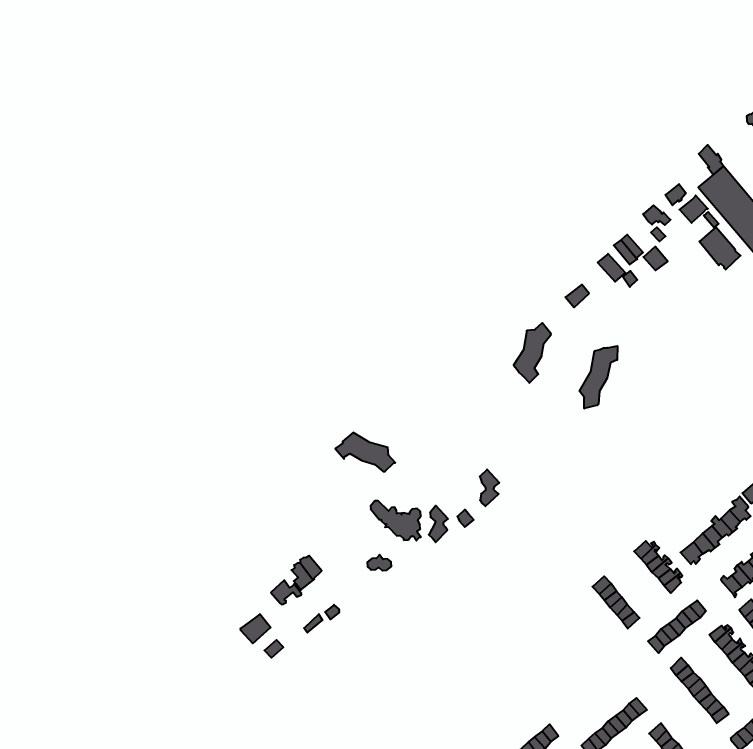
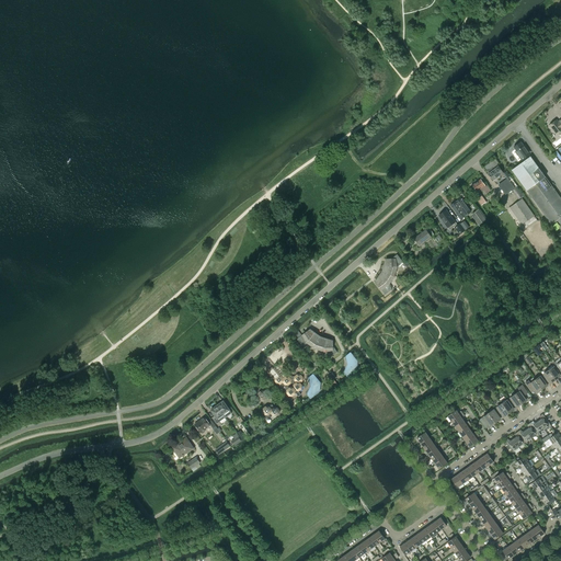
building: [579,346,617,409] -> none
building: [335,433,395,472] -> [297,329,337,357]

